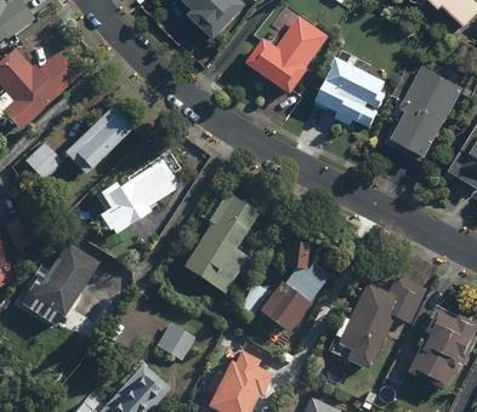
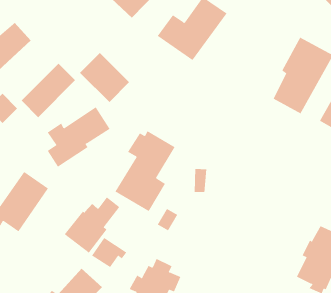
building: [310,58,386,128] -> none
building: none -> [79,52,130,103]
building: [261,257,331,328] -> [64,196,120,254]
building: [324,271,427,365] -> none

